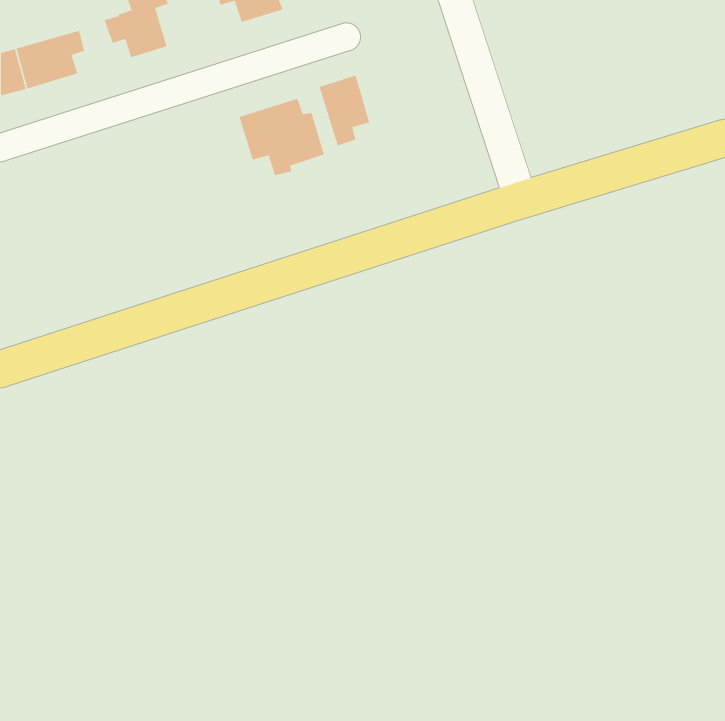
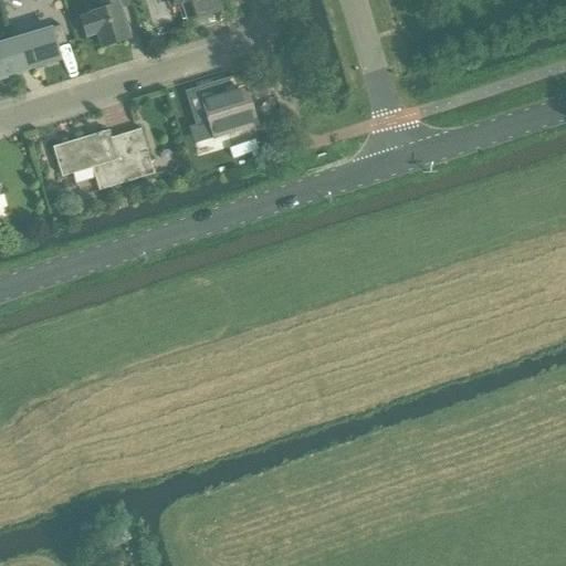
building: [319,74,370,146] -> none
building: none -> [52,128,153,189]

